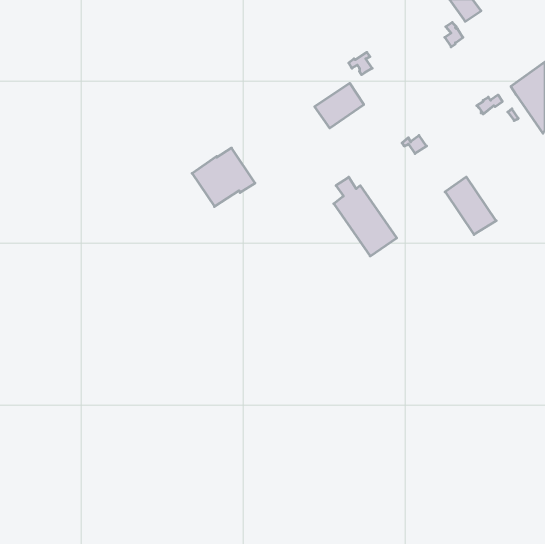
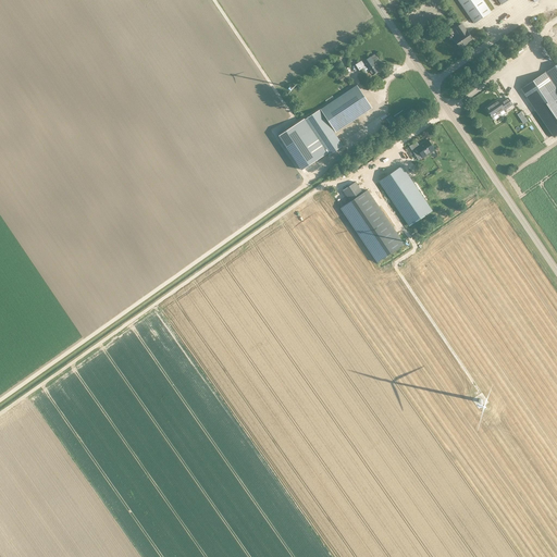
building: [192,148,255,207] -> [280,109,344,169]
building: [445,177,496,235] -> [380,165,432,224]

